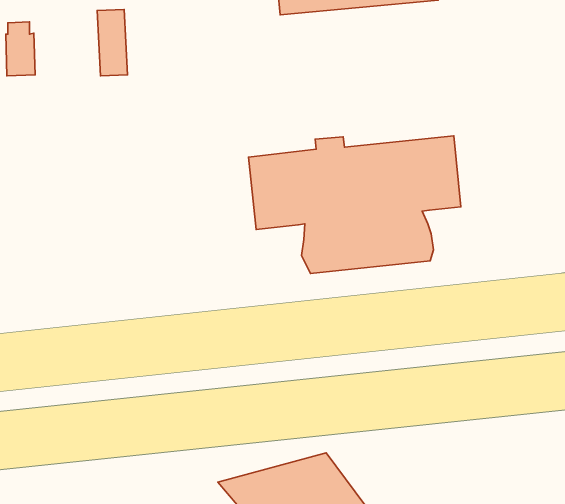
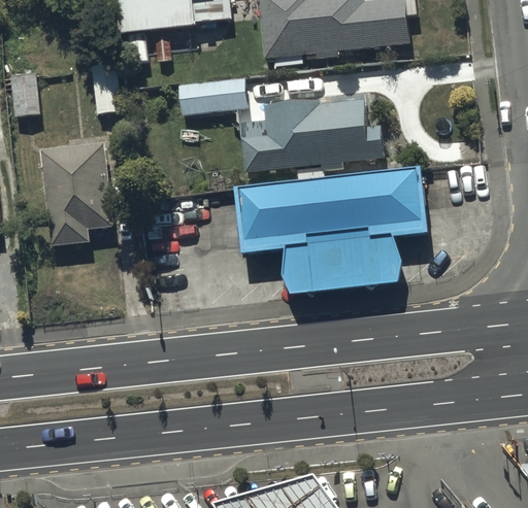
building: none -> [177,79,245,114]
building: none -> [238,99,383,171]
building: none -> [42,144,116,247]

